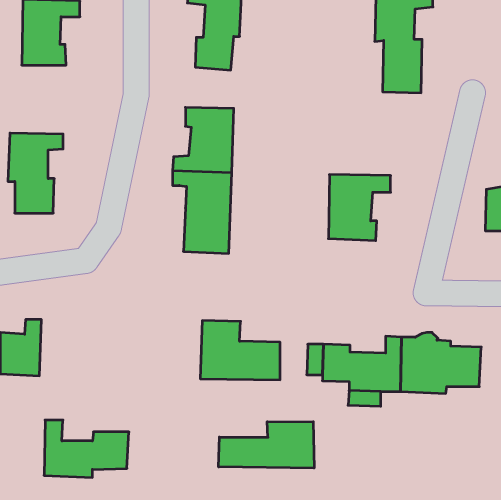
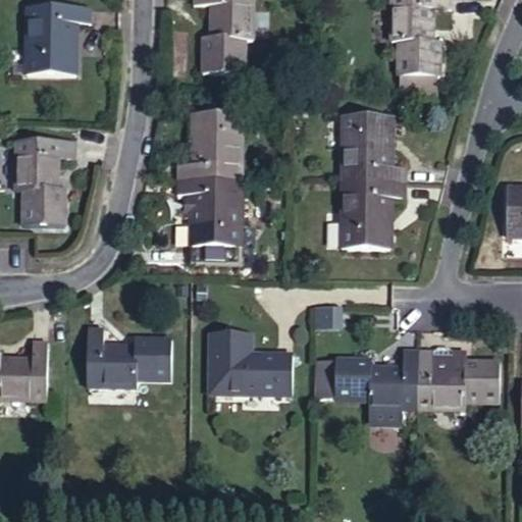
building: none -> [344,117,408,181]
building: [44,420,129,477] -> [85,337,172,397]
building: [219,422,314,468] -> none

